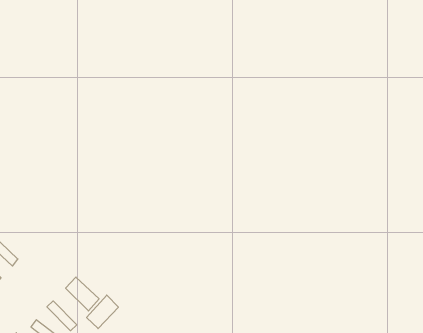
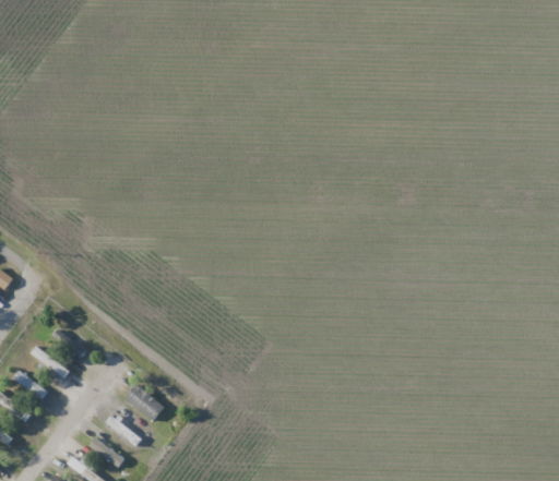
building: [87,295,118,329] -> none

